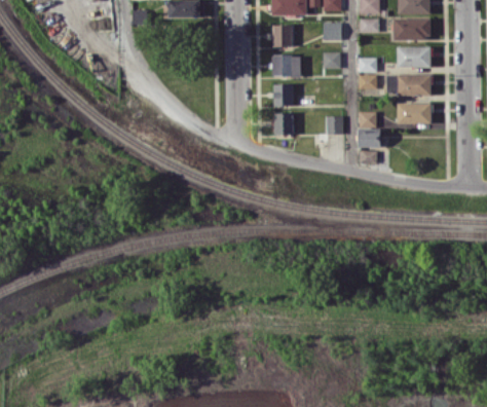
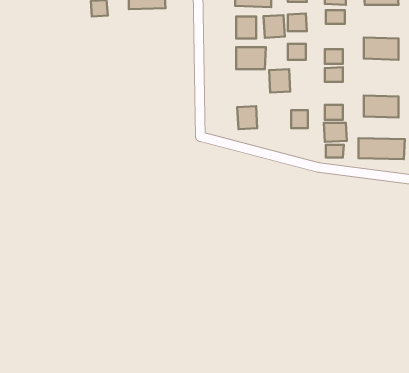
building: [392,17,429,40] -> none
building: none -> [264,15,285,38]
building: [386,74,432,95] -> [358,138,405,159]
building: [272,83,293,106] -> [269,69,290,92]

